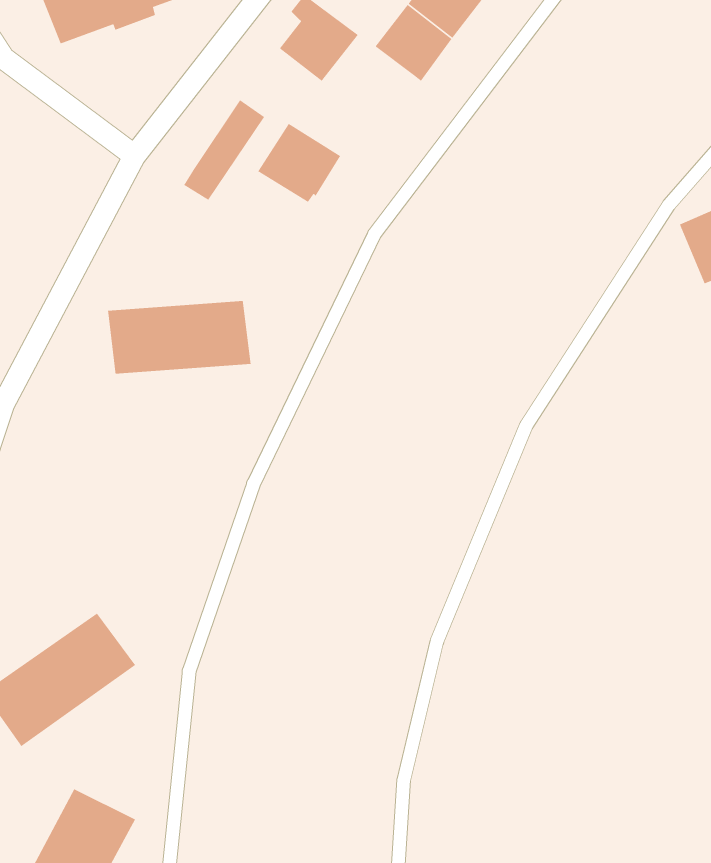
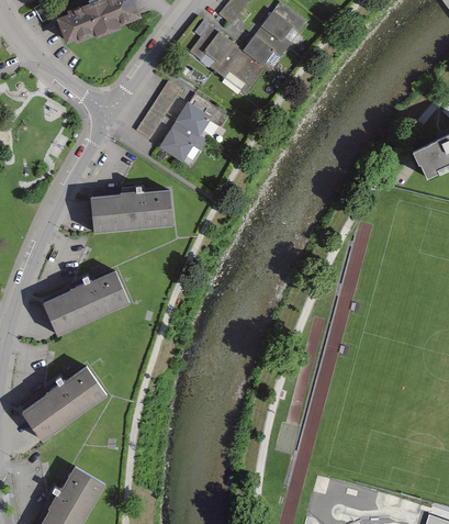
building: none -> [212,42,263,91]
building: none -> [159,119,204,163]
building: none -> [42,271,130,341]

